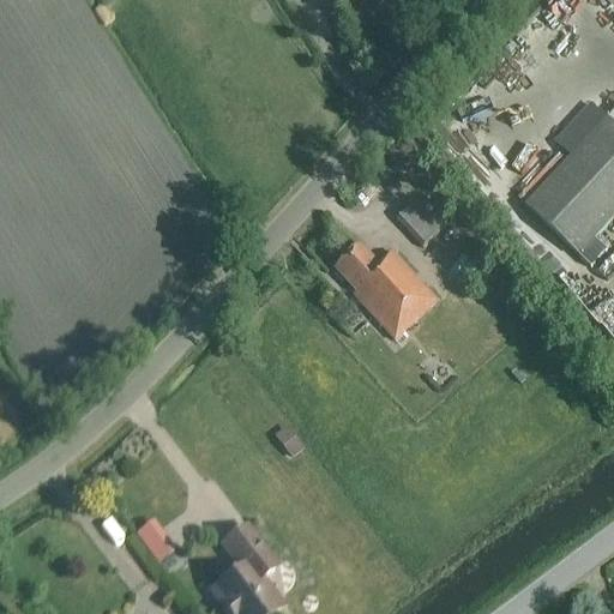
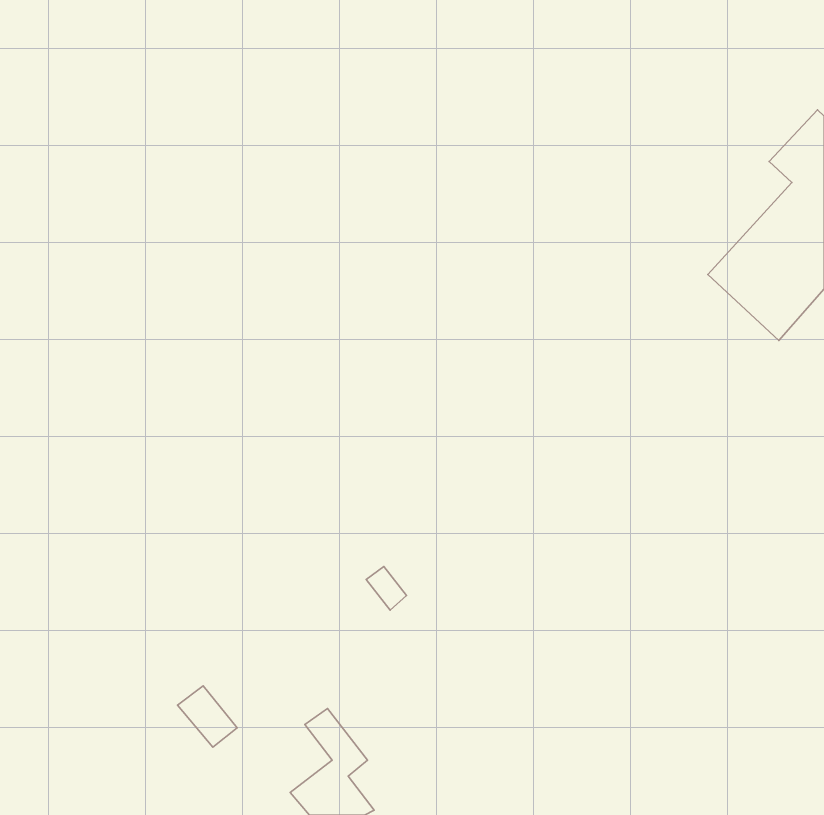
building: [398,197,444,242] -> none
building: [335,243,437,337] -> none

